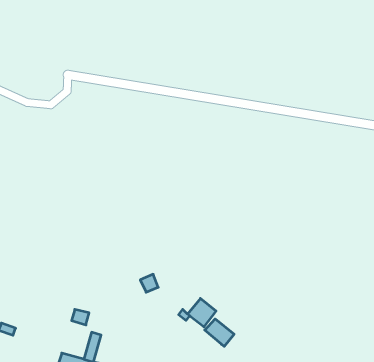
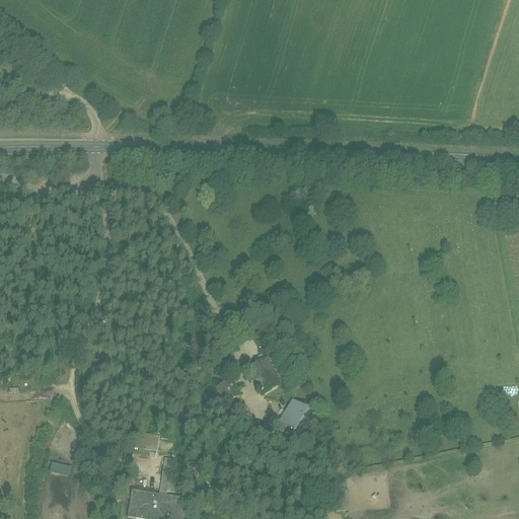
building: none -> [249,358,281,392]
building: [205,319,234,346] -> none

